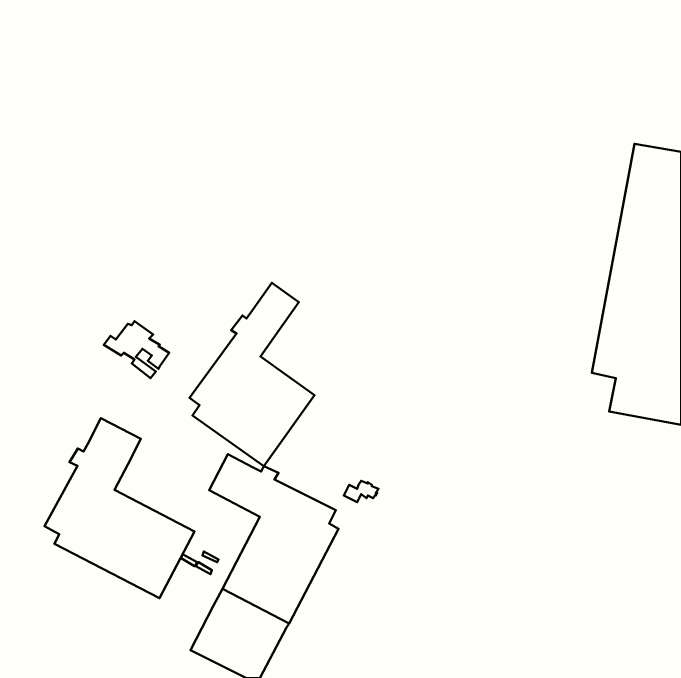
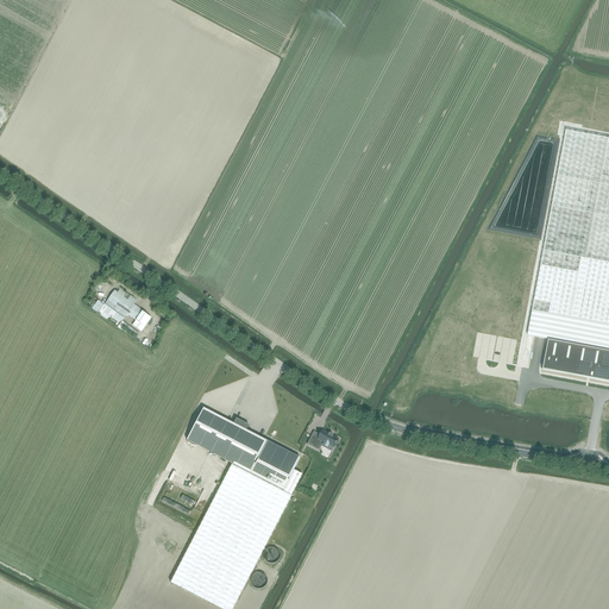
building: [190,283,315,466] -> none
building: [45,418,194,598] -> none

